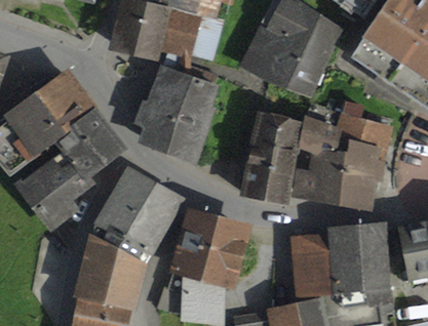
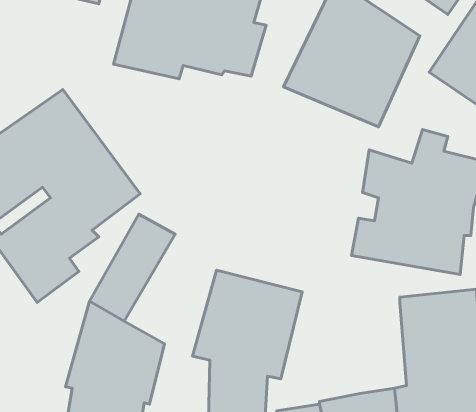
building: [132,65,219,163] -> none
building: [240,111,303,204] -> none
building: [116,180,186,264] -> none
building: [289,233,333,302] -> none

